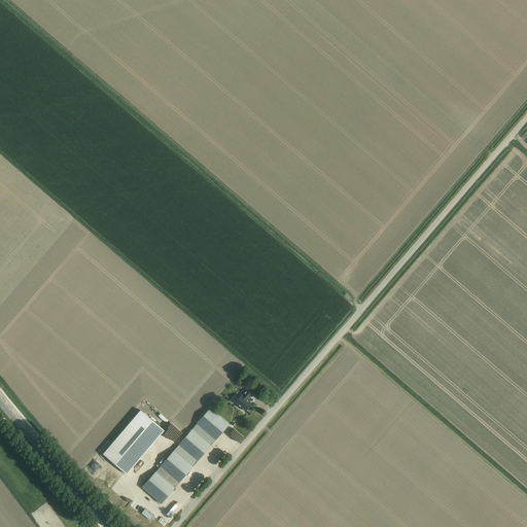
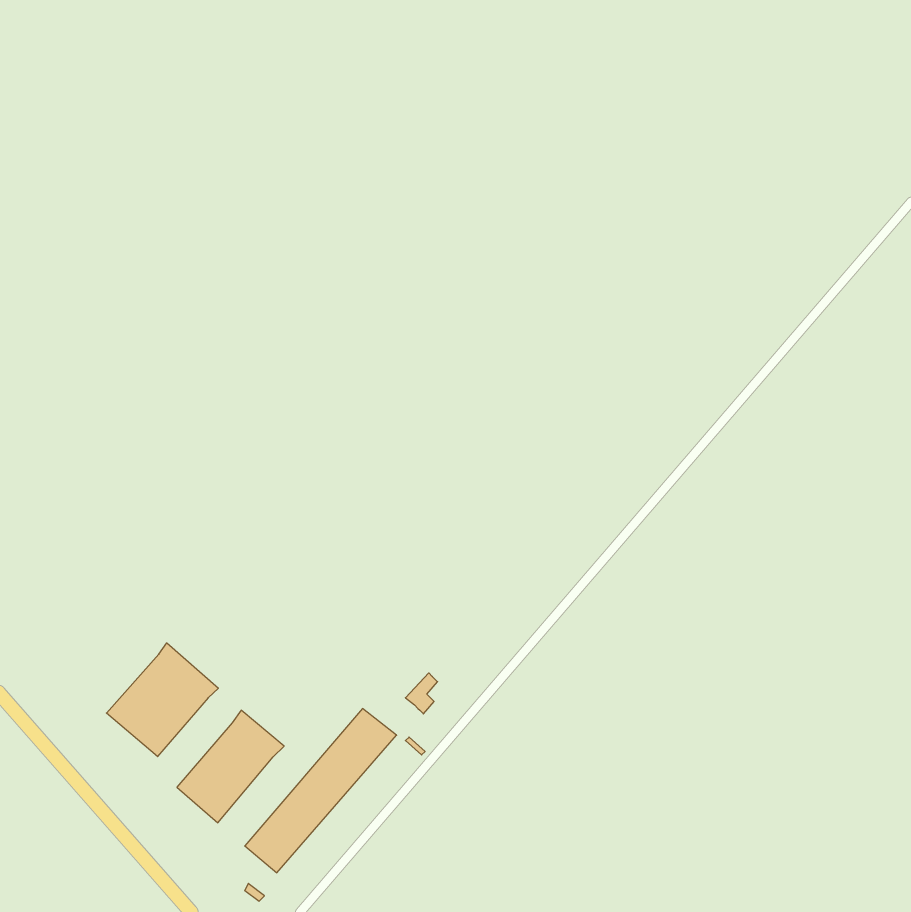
building: none -> [106,643,218,757]

